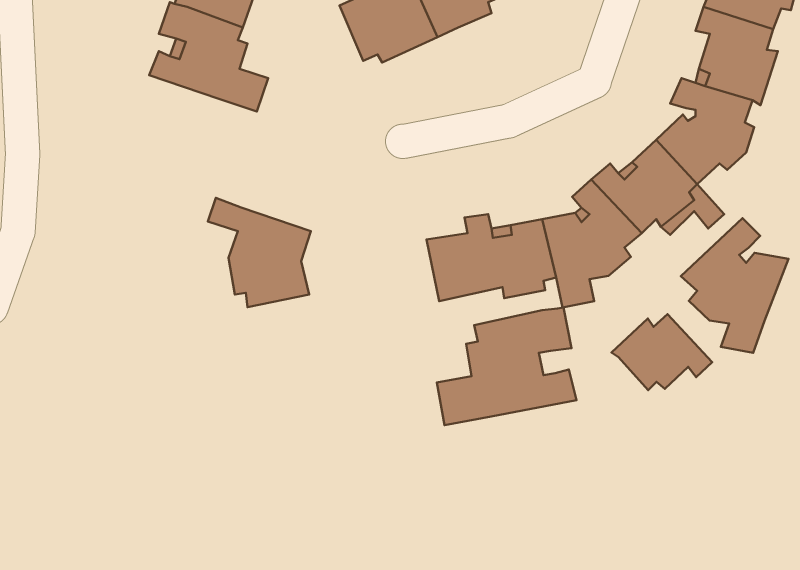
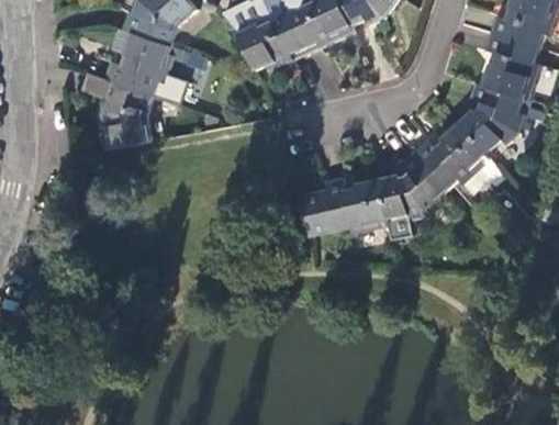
building: [208,198,311,307] -> [82,72,154,148]
building: [681,218,789,353] -> none
building: [437,307,576,425] -> none
building: [612,314,712,390] -> none

